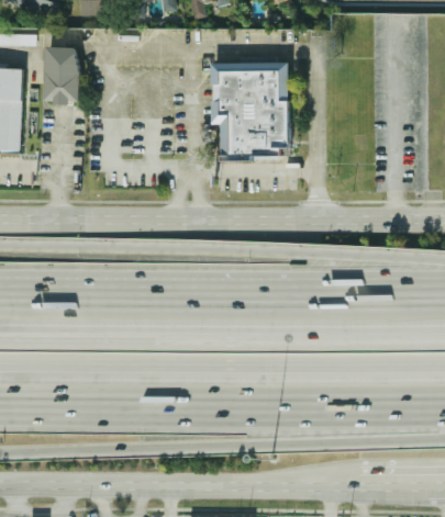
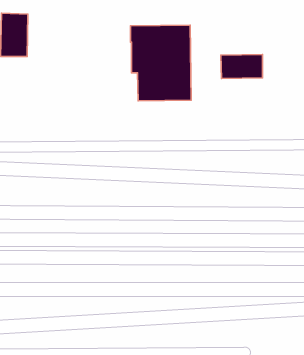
building: none -> [221,55,263,78]

